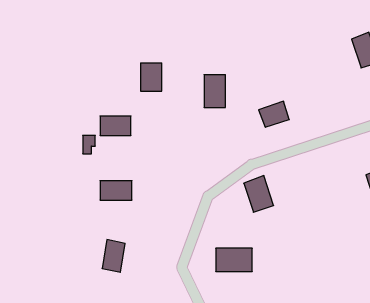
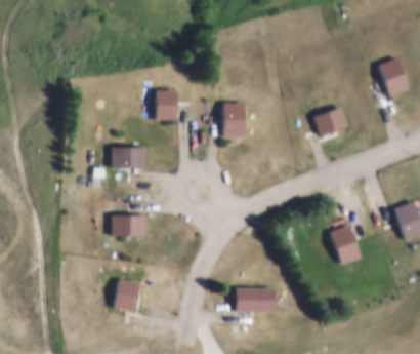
building: [259,101,289,127] -> [314,107,347,134]
building: [244,176,274,212] -> [329,225,361,264]

